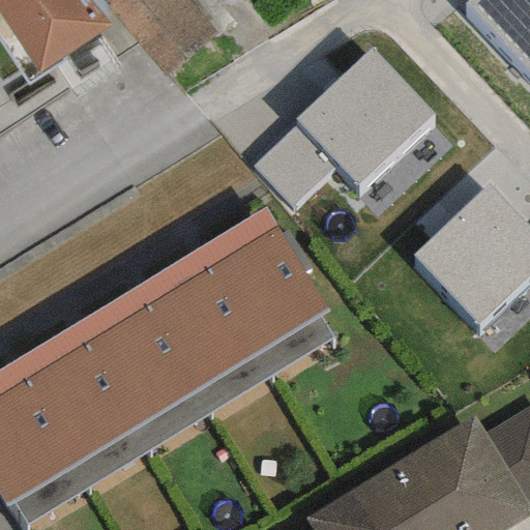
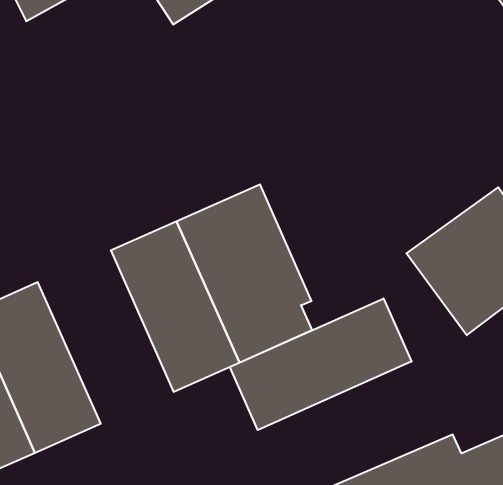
building: [252,48,433,208] -> none
building: [70,288,210,450] -> none
building: none -> [230,298,412,430]

